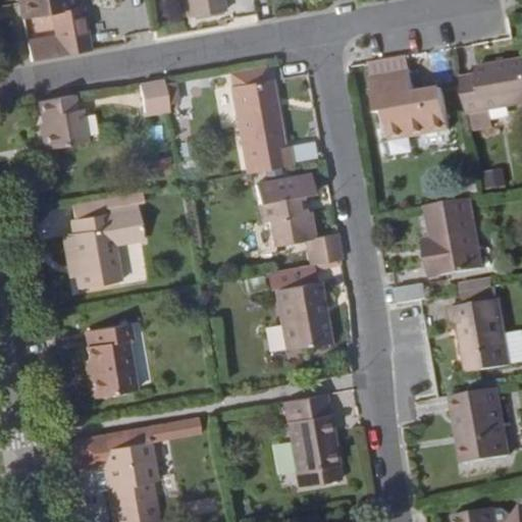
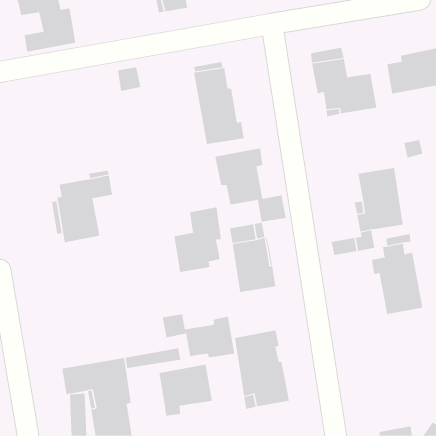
building: [40,96,90,149] -> none
building: none -> [174,207,222,273]
building: [82,321,138,397] -> none
building: none -> [162,313,235,358]
building: [439,388,506,464] -> none
building: none -> [159,364,212,416]

